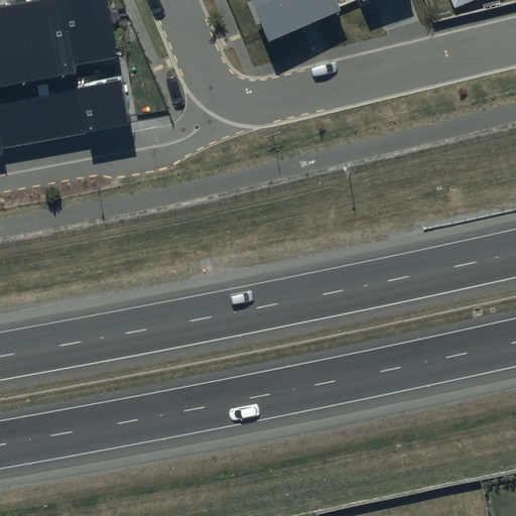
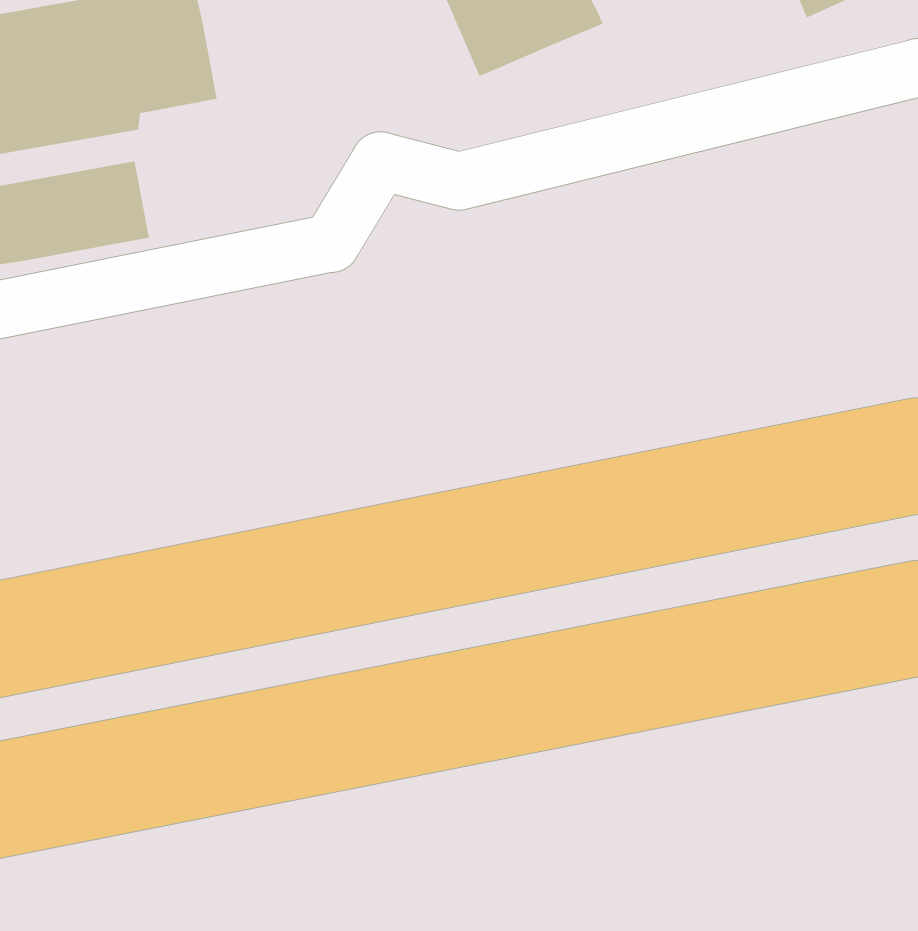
building: [75,80,129,131] -> none

